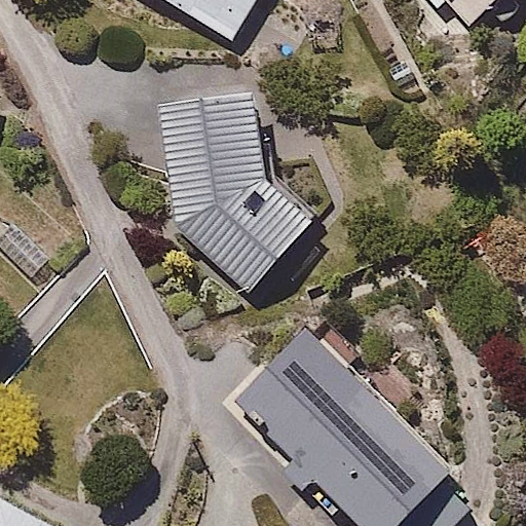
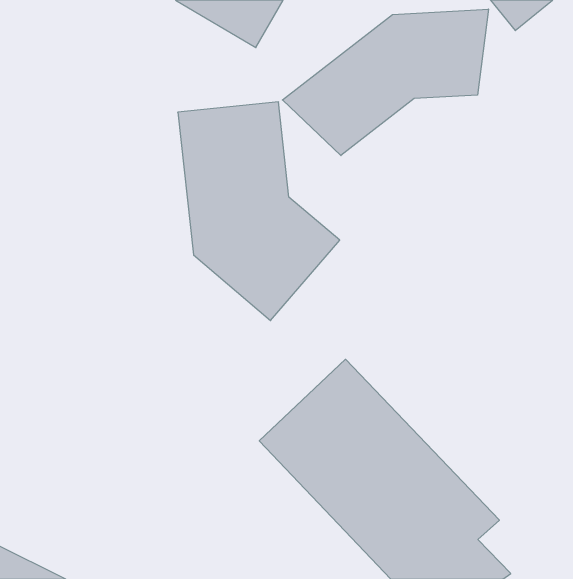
building: none -> [282,9,488,156]

